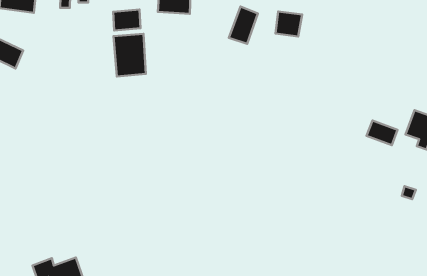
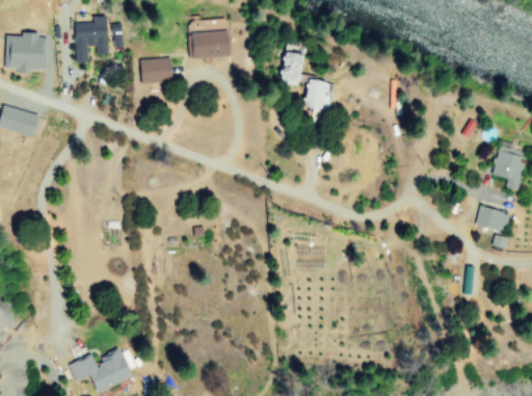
building: [275,11,302,36] -> [304,80,334,107]
building: [113,34,146,76] -> none
building: [367,120,398,145] -> [476,206,511,233]

